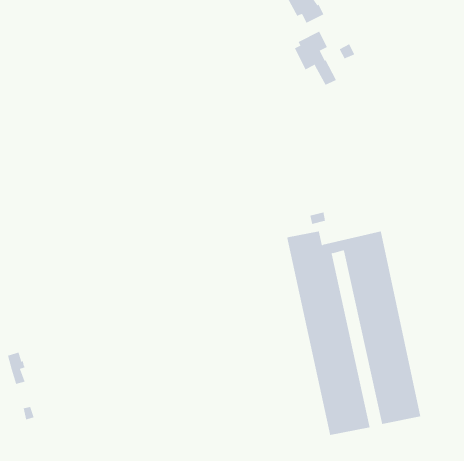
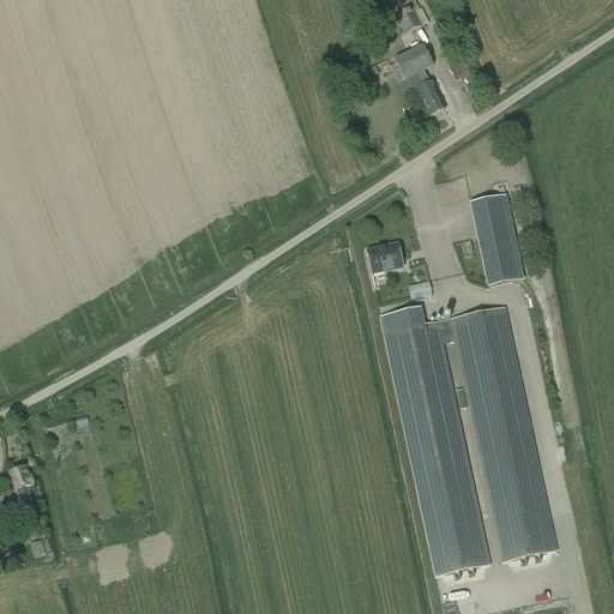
building: none -> [470,193,523,284]
building: none -> [366,241,402,271]

